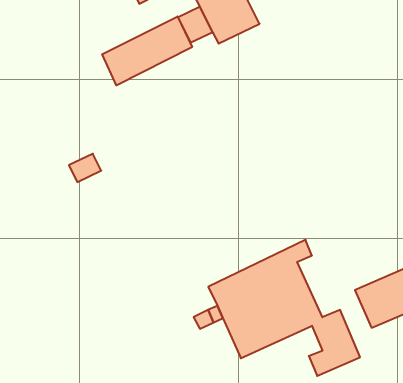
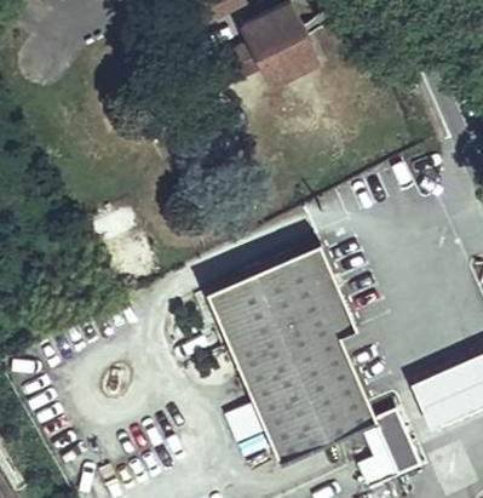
building: [102,16,192,85] -> none
building: none -> [205,239,357,379]

